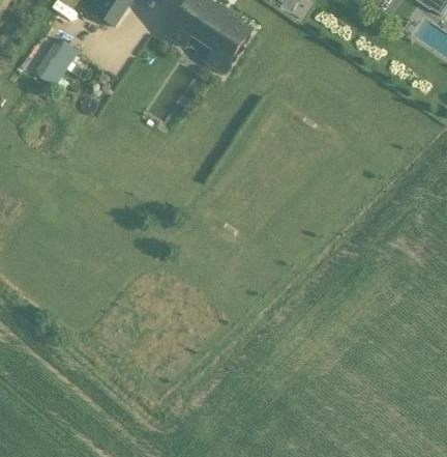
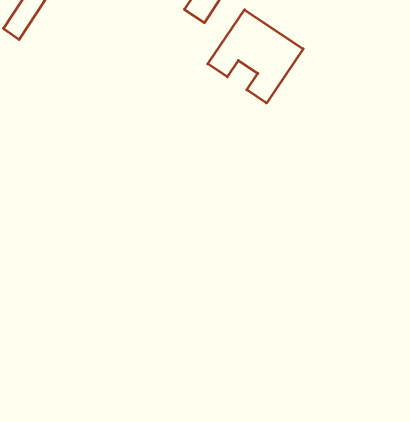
building: none -> [208,10,303,103]

